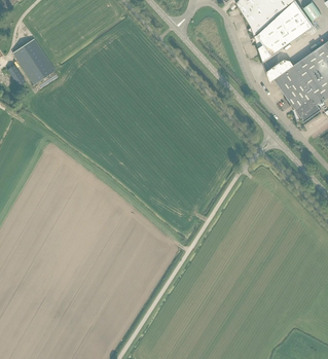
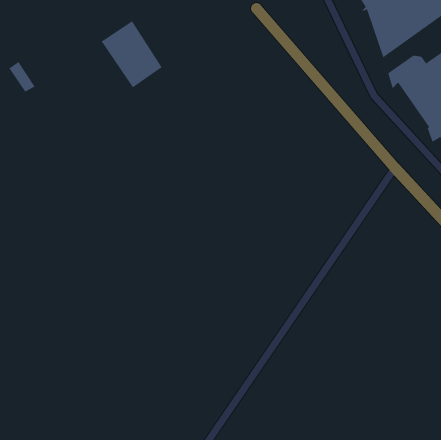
building: [12,38,54,84] -> [101,21,162,88]

